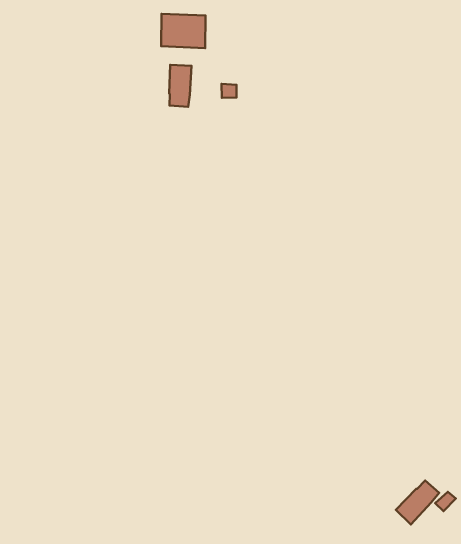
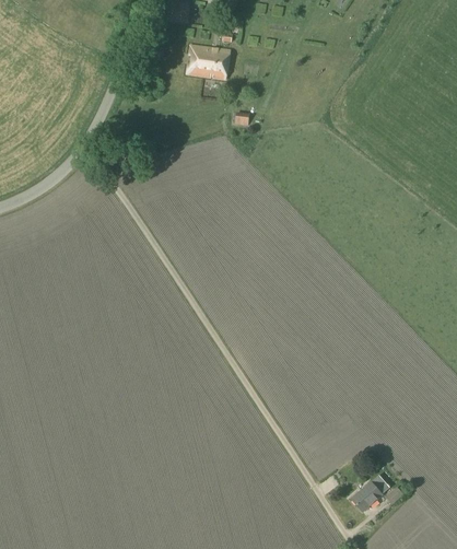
building: [169,65,192,107] -> none

